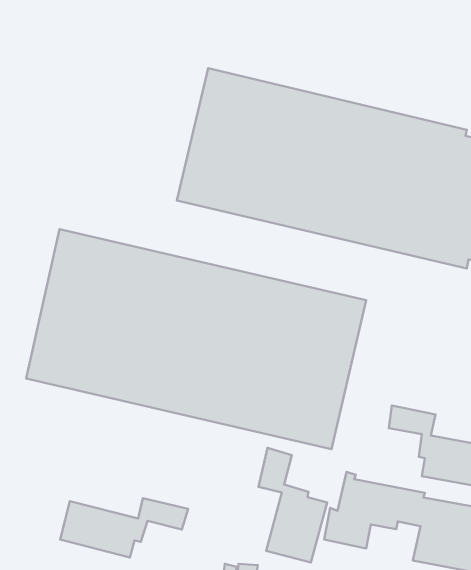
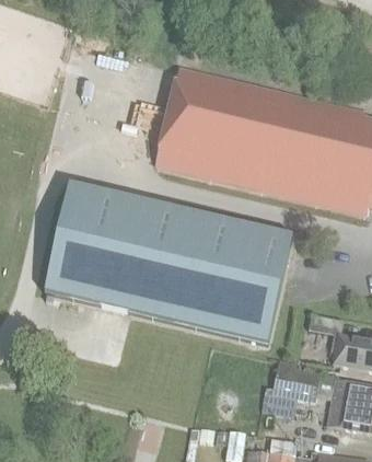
building: [258,448,327,562] -> none
building: [60,498,188,557] -> none

